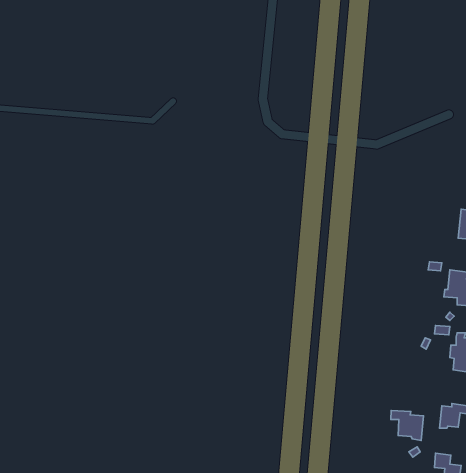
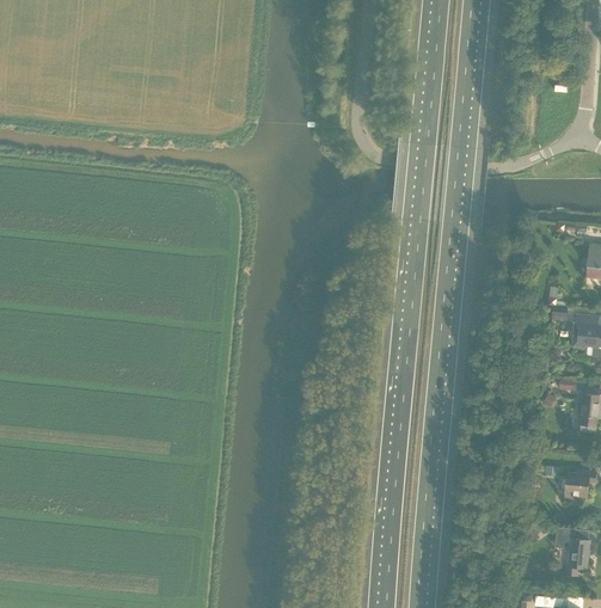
building: [391,410,423,440] -> none

